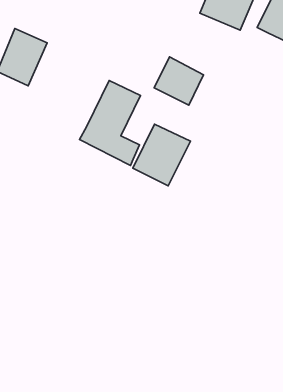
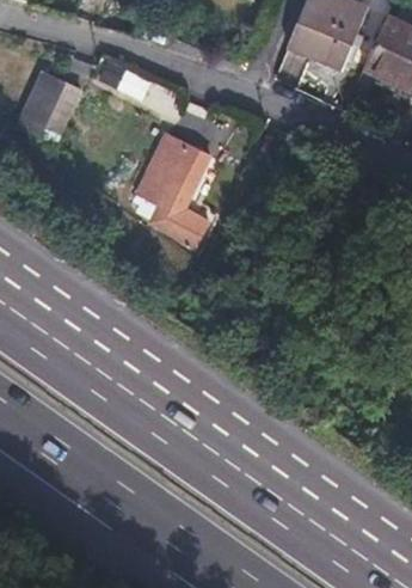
building: [154,57,204,105] -> none
building: [133,124,191,186] -> none

